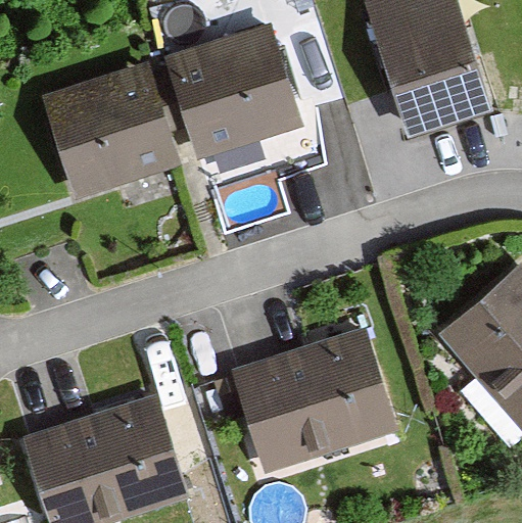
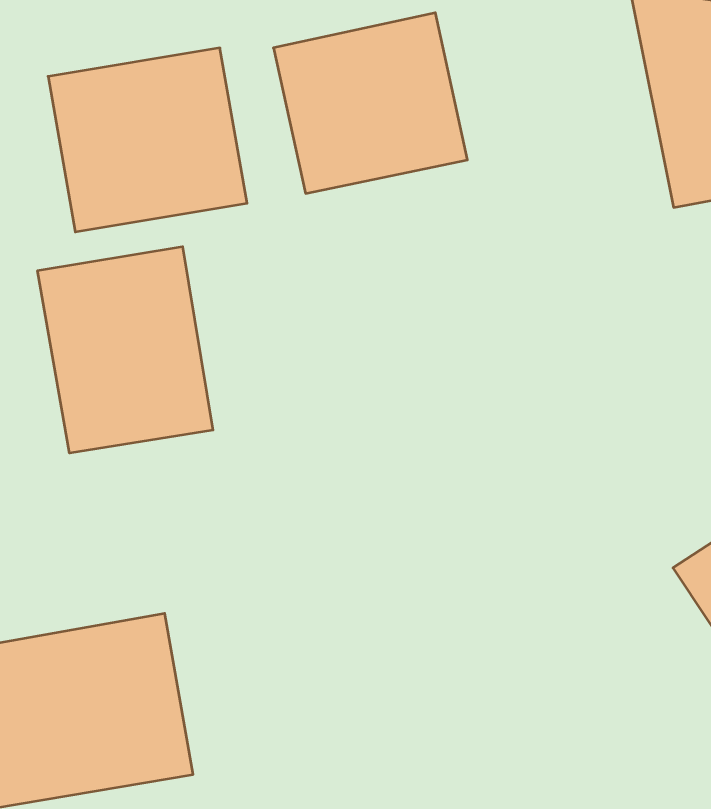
building: none -> [38,247,213,453]
building: [227,332,384,465] -> none

